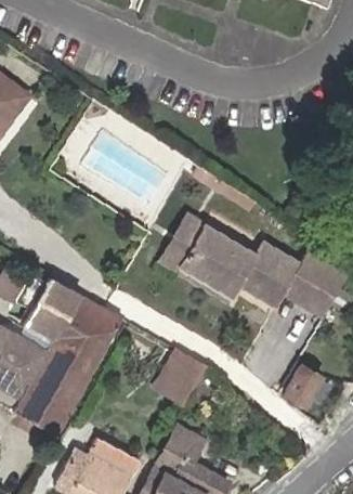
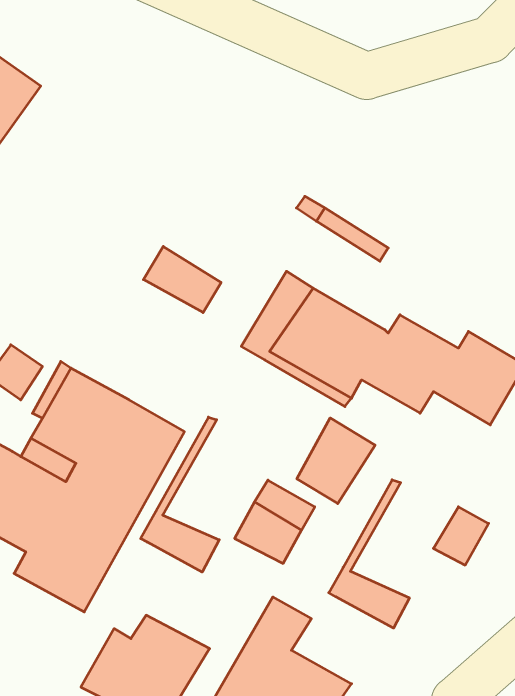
building: none -> [143,246,221,313]
building: none -> [141,417,219,572]
building: none -> [297,418,375,504]
building: none -> [329,480,409,628]

